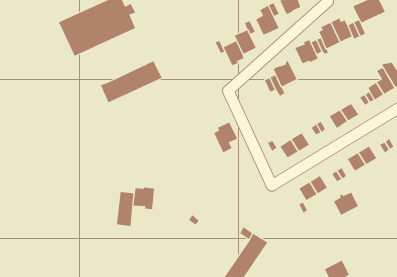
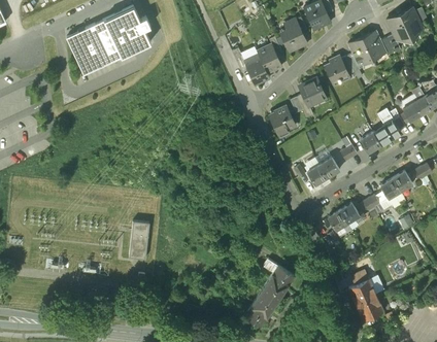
building: [100,61,162,103] -> none
building: [213,122,238,153] -> [269,105,296,139]
building: [133,186,155,210] -> none
building: [333,192,359,216] -> [347,279,375,305]

